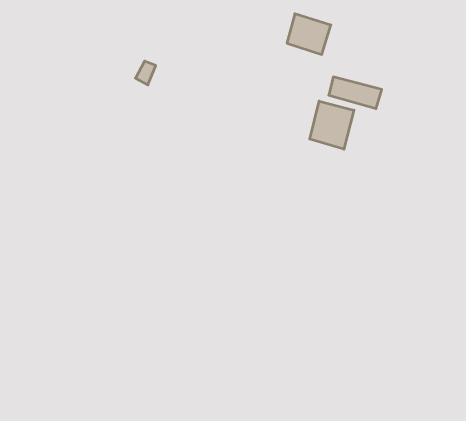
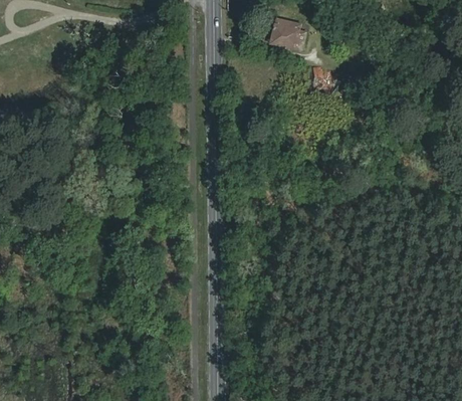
building: [310,101,354,149] -> none

